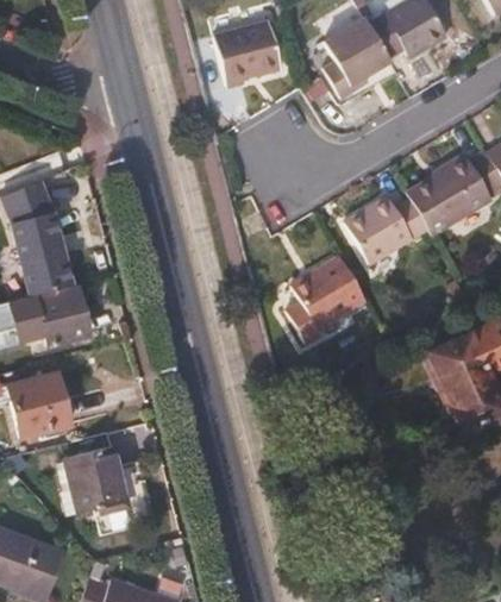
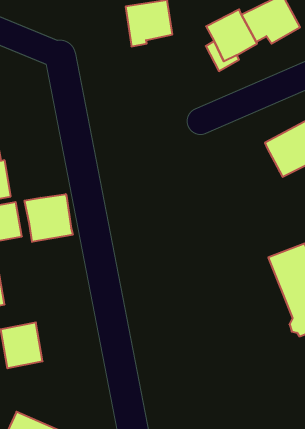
building: [344,195,427,264] -> none
building: [284,258,367,349] -> none
building: none -> [25,194,73,242]

